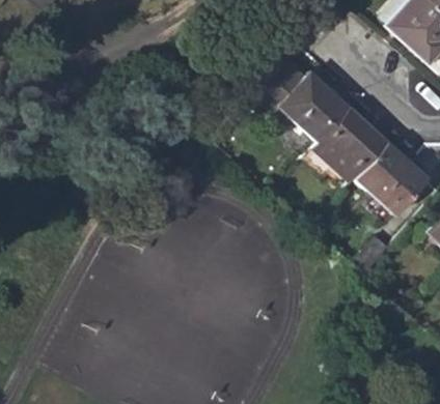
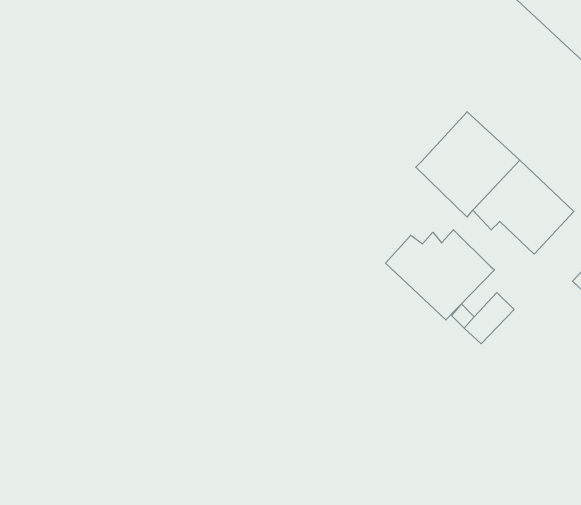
building: [252,57,352,144] -> none
building: none -> [386,230,494,320]

